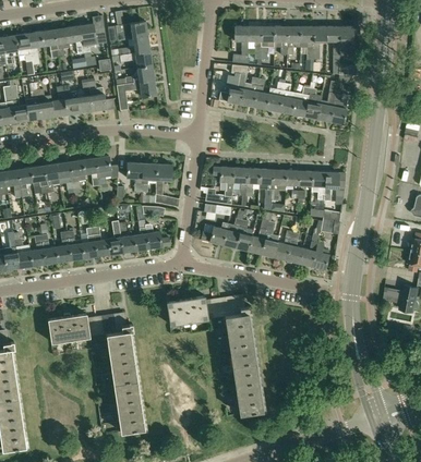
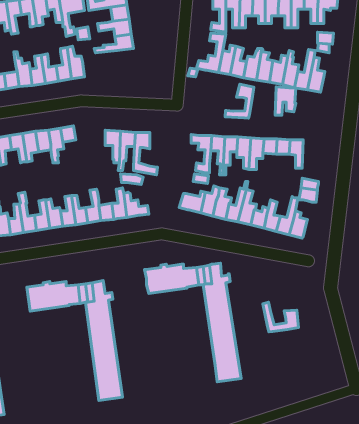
building: [117,81,157,113] -> none
building: none -> [225,84,254,118]
building: [95,156,119,186] -> none
building: [324,172,345,200] -> [275,87,296,115]
building: none -> [263,302,299,332]

